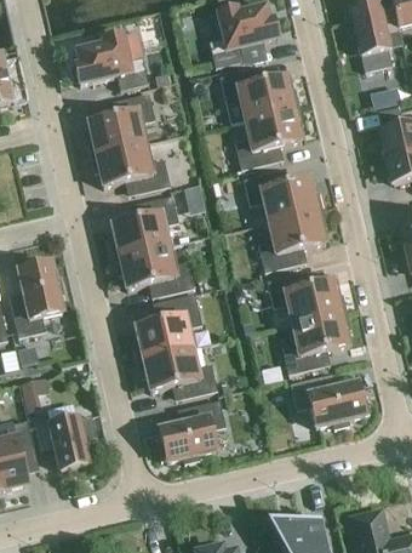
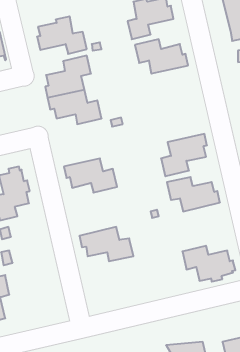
building: [235,106,303,167] -> none
building: [244,169,324,220] -> none
building: [110,194,178,256] -> none
building: [135,291,202,359] -> none
building: [282,309,350,372] -> none
building: [158,398,227,461] -> none
building: [35,412,97,468] -> none

